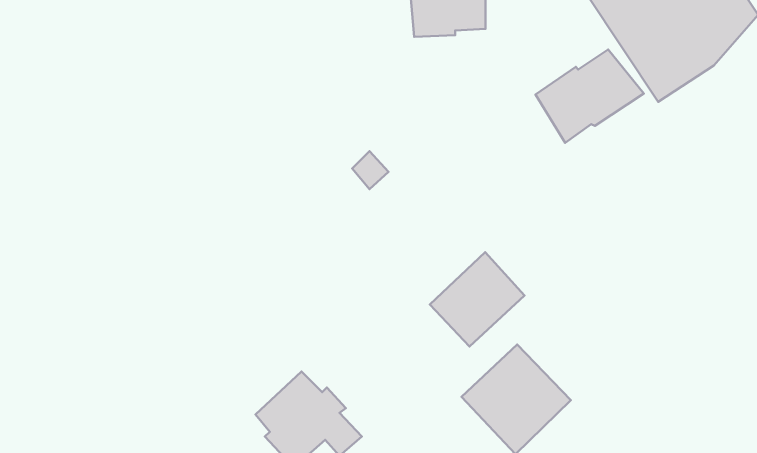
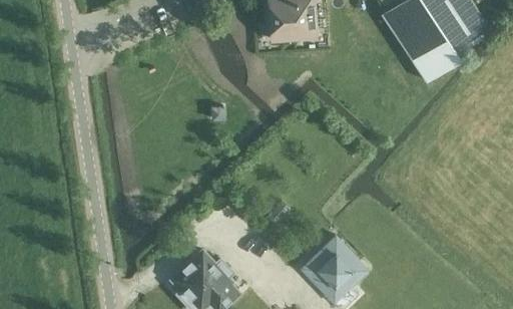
building: [535,49,644,143] -> none
building: [430,252,525,346] -> none

